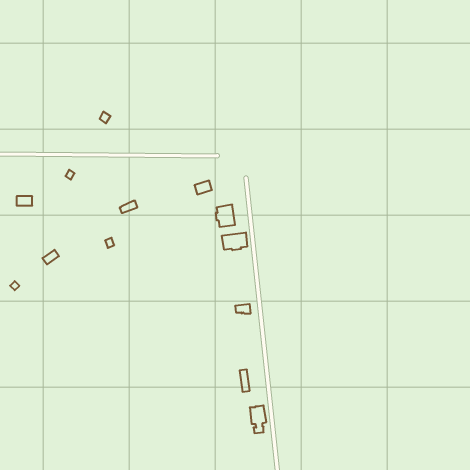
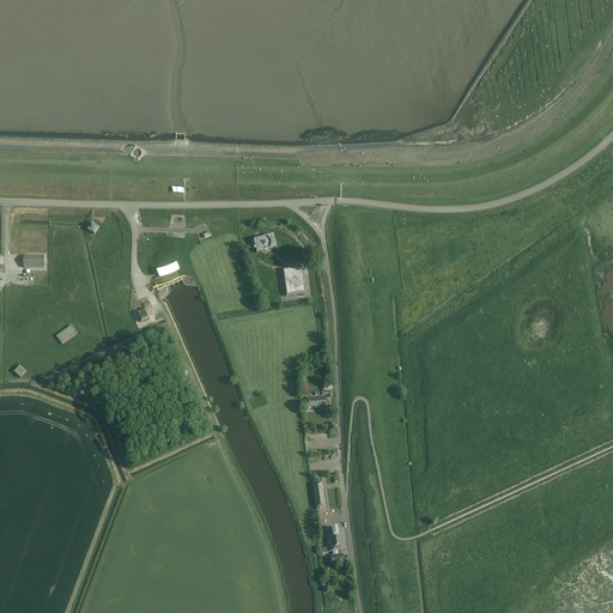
building: [222,232,247,250] -> none

